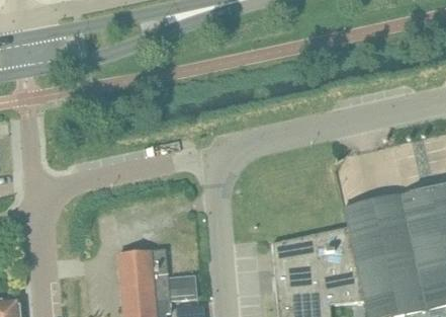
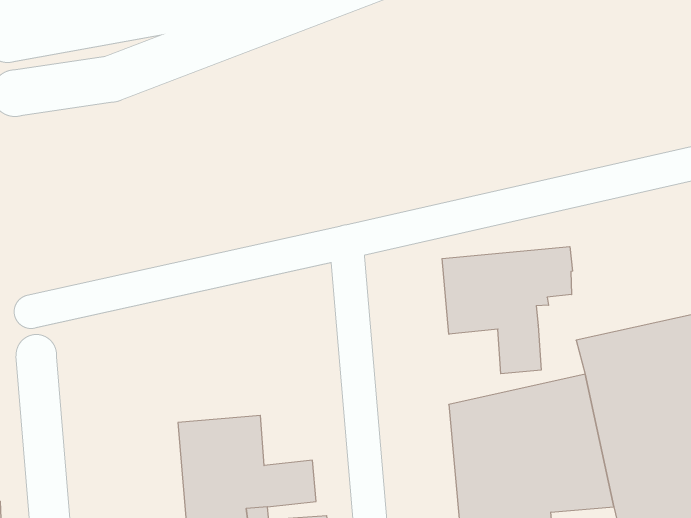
building: none -> [442,247,573,374]

